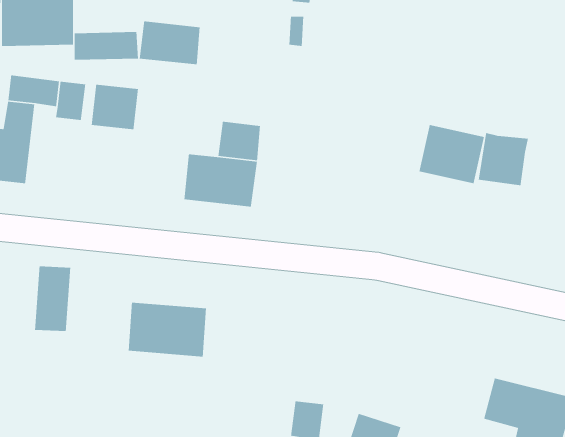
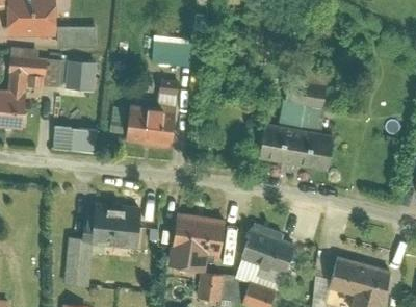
building: [139,21,201,65] -> [152,40,193,70]
building: [478,132,529,186] -> [300,133,334,170]
building: none -> [263,126,297,162]
building: none -> [70,127,101,152]
building: [34,266,71,332] -> [66,240,90,285]
building: none -> [168,212,225,273]
building: none -> [241,228,296,275]

